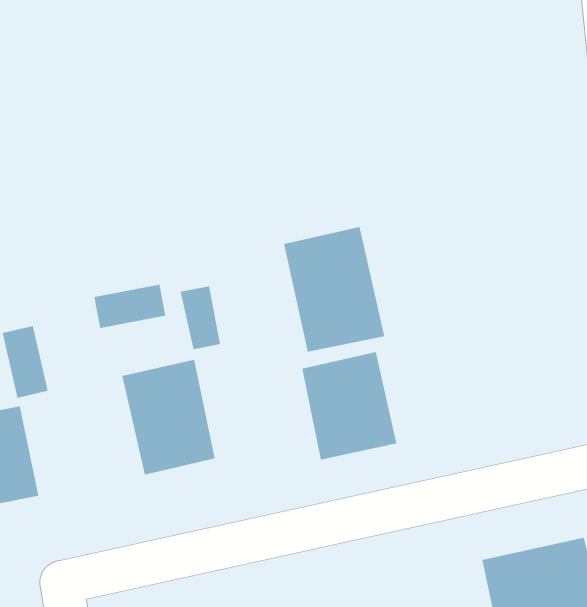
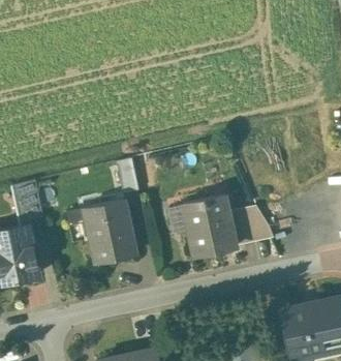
building: [283,226,385,352] -> none
building: [94,284,166,329] -> none
building: none -> [234,207,274,245]

